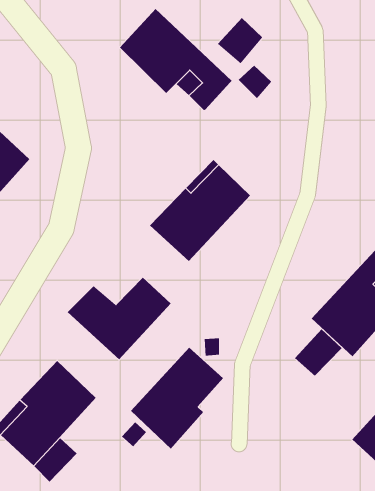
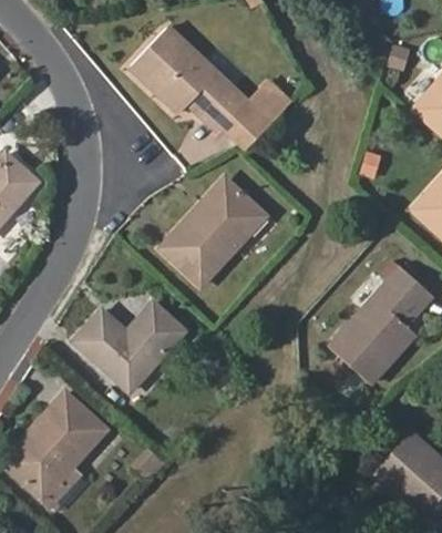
building: [217,17,263,64] -> [220,102,268,151]
building: [294,328,342,377] -> none
building: [130,347,224,449] -> none

